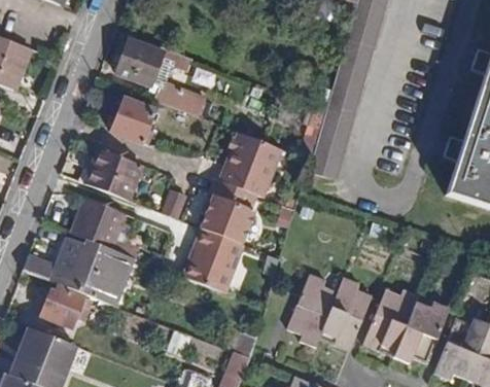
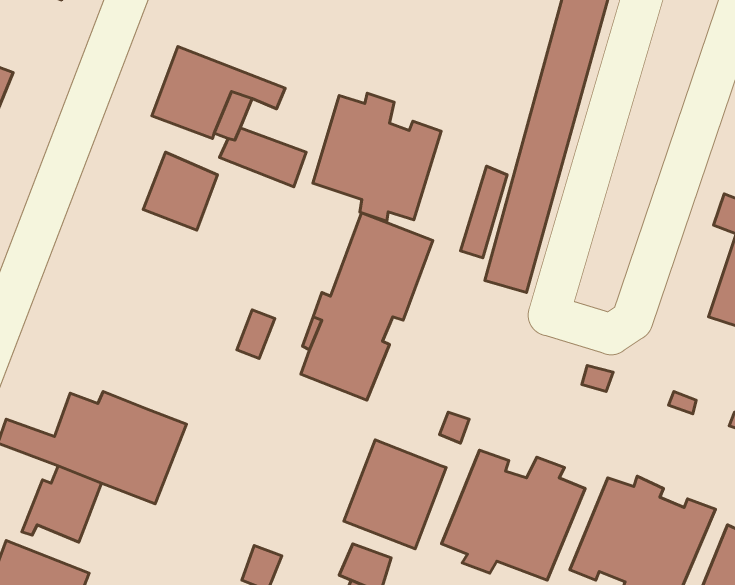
building: none -> [313,93,441,221]
building: [85,148,143,200] -> none
building: [70,197,125,248] -> none
building: [184,227,245,292] -> [344,440,446,549]

